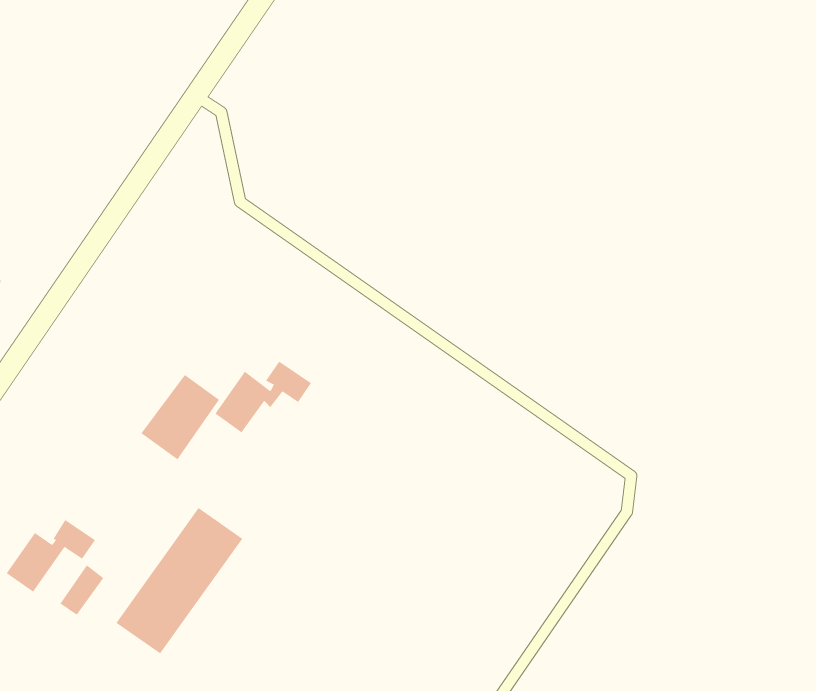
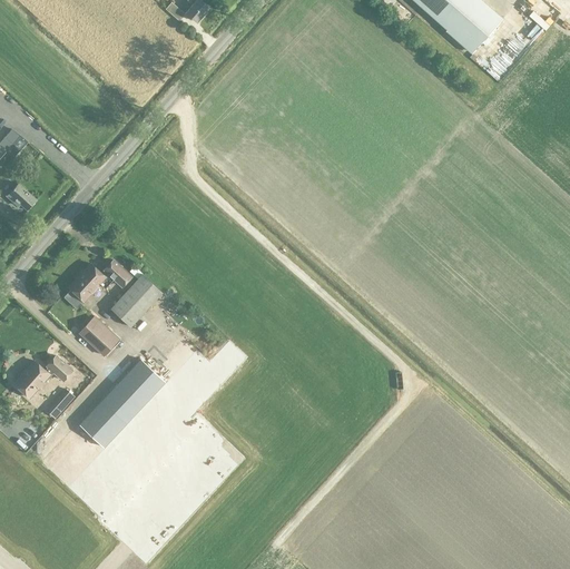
building: [215,361,312,433] -> [68,259,131,302]
building: none -> [78,315,117,354]

